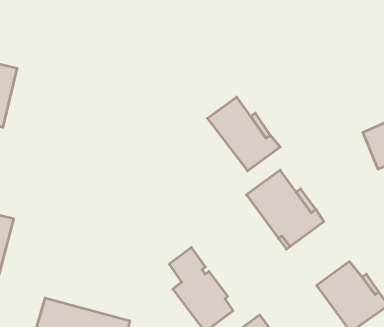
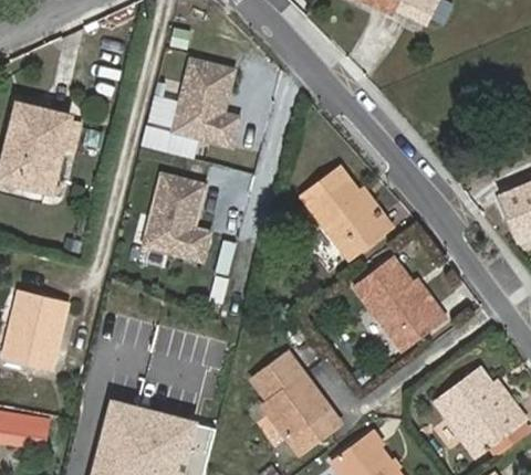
building: none -> [162,62,237,156]
building: none -> [132,176,207,270]

